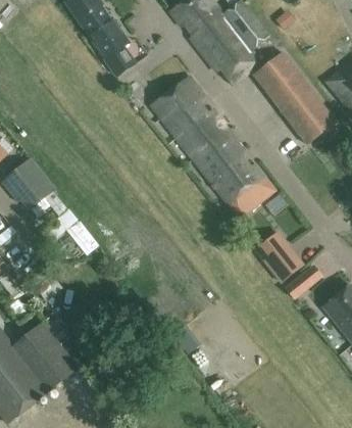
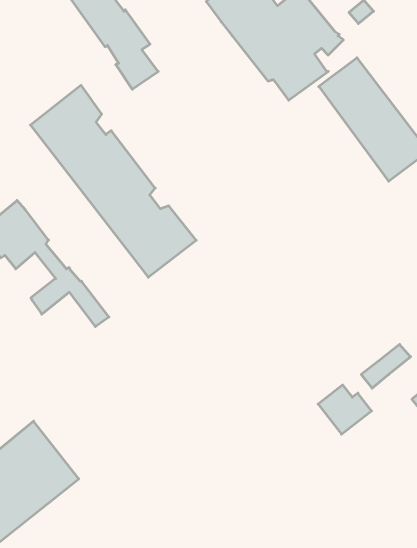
building: [151,75,274,218] -> [30,85,196,277]
building: [263,245,303,282] -> [318,385,372,434]

